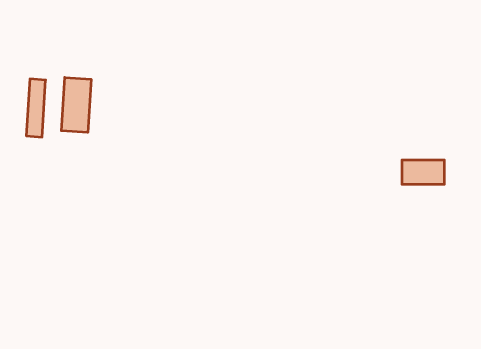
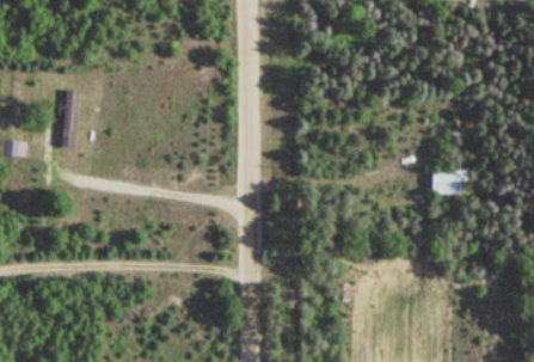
building: [61,77,91,132] -> none

